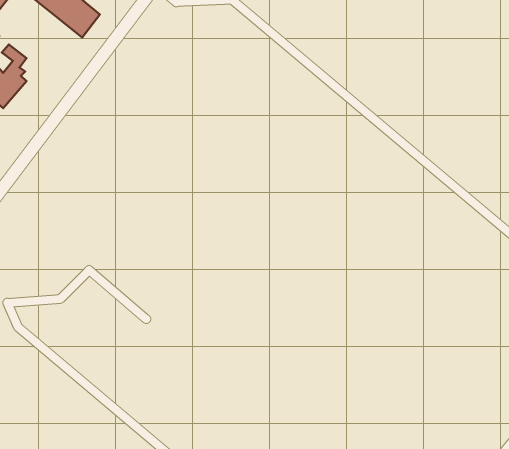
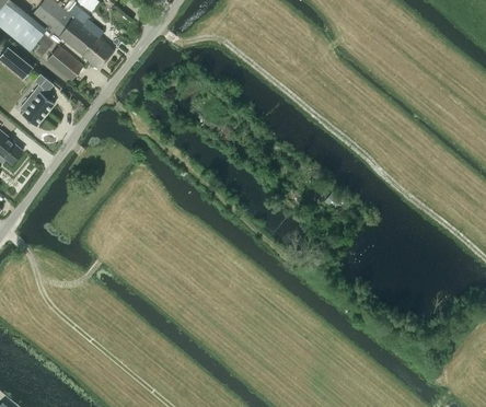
building: none -> [46,45,83,80]

